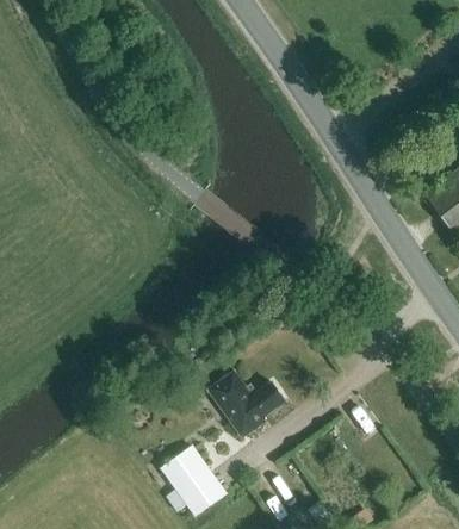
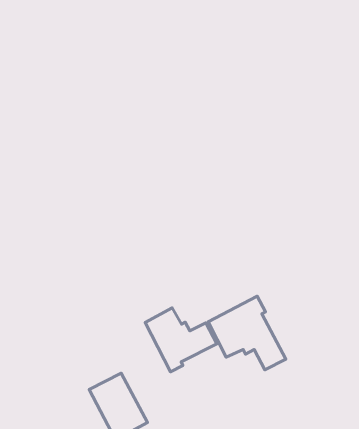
building: none -> [208,296,286,370]

